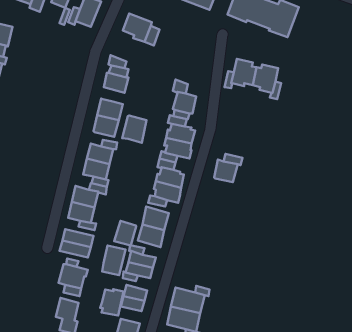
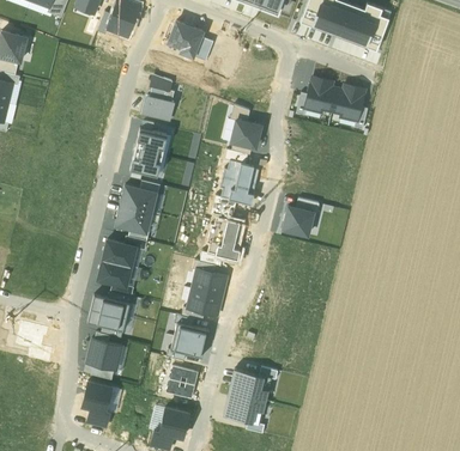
building: [122,115,147,143] -> none
building: [114,221,136,245] -> none
building: [102,246,125,275] -> none
building: [100,289,124,315] -> none

